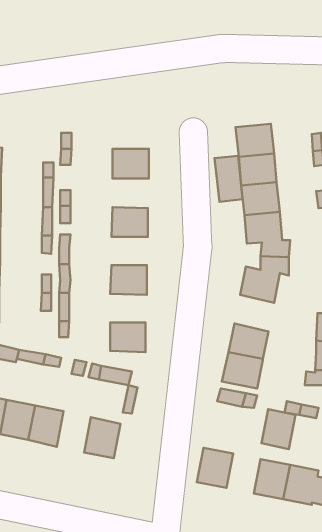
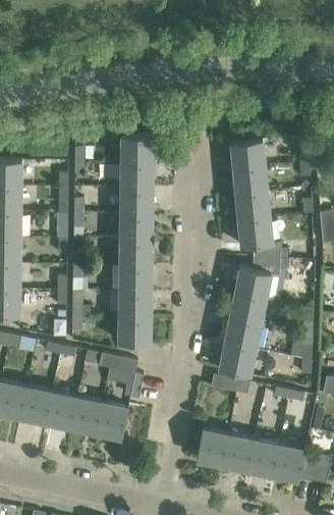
building: none -> [120,136,153,162]
building: [214,156,243,202] -> none
building: none -> [120,189,153,215]
building: none -> [119,241,152,266]
building: none -> [118,292,151,317]
building: none -> [229,293,265,325]
building: [261,409,296,449] -> [222,434,253,470]
building: none -> [70,397,101,433]

